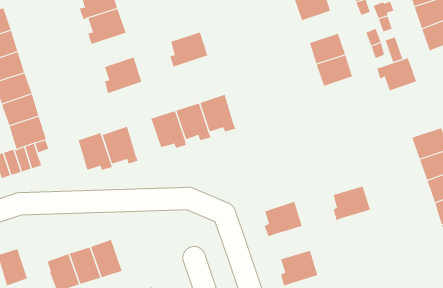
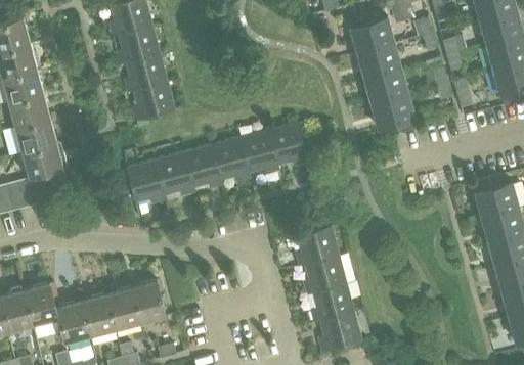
building: none -> [359,43,400,78]
building: [169,32,208,67] -> [124,54,168,92]
building: [377,57,417,91] -> none
building: none -> [268,123,308,166]
building: [78,133,113,171] -> [156,152,193,195]
building: none -> [296,226,340,266]
building: [333,186,371,221] -> [311,284,354,322]
building: none -> [130,280,166,323]
building: none -> [24,283,58,325]

